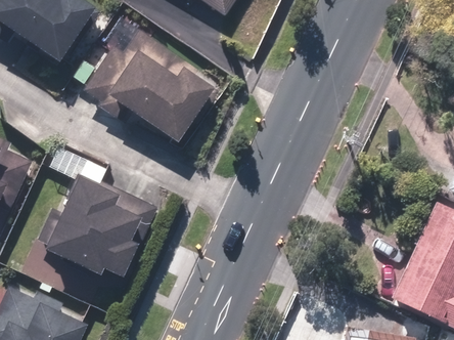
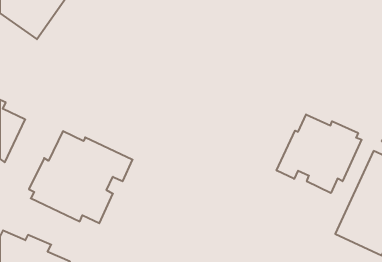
building: [88,33,213,147] -> none
building: none -> [277,114,362,193]

